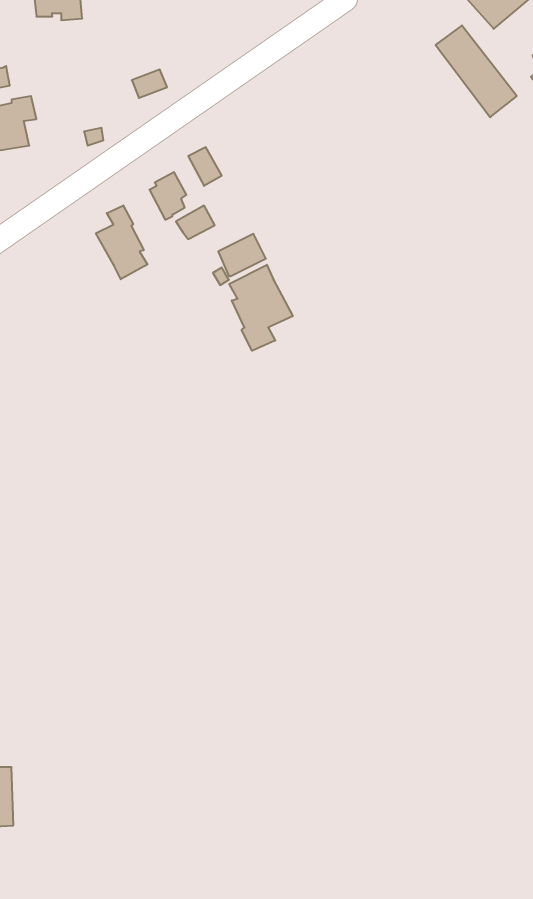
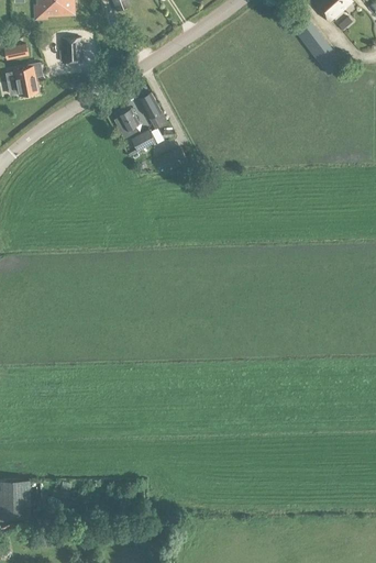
building: none -> [63,37,82,63]
building: [96,205,147,279] -> none
building: [229,265,293,351] -> none

